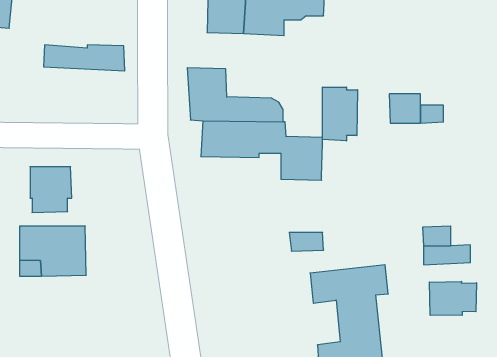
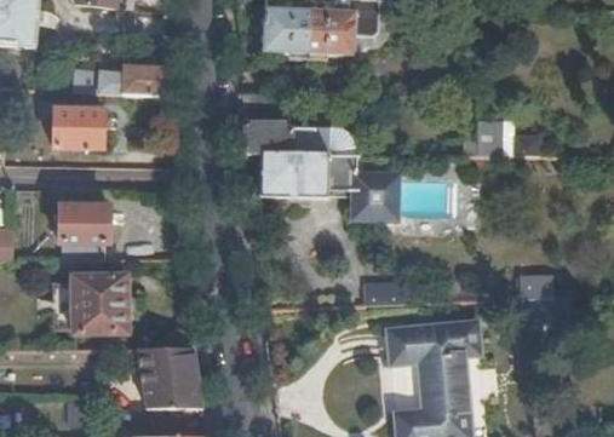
building: none -> [54,107,103,148]
building: [323,87,358,141] -> none
building: [429,281,476,315] -> none
building: none -> [139,347,201,407]

